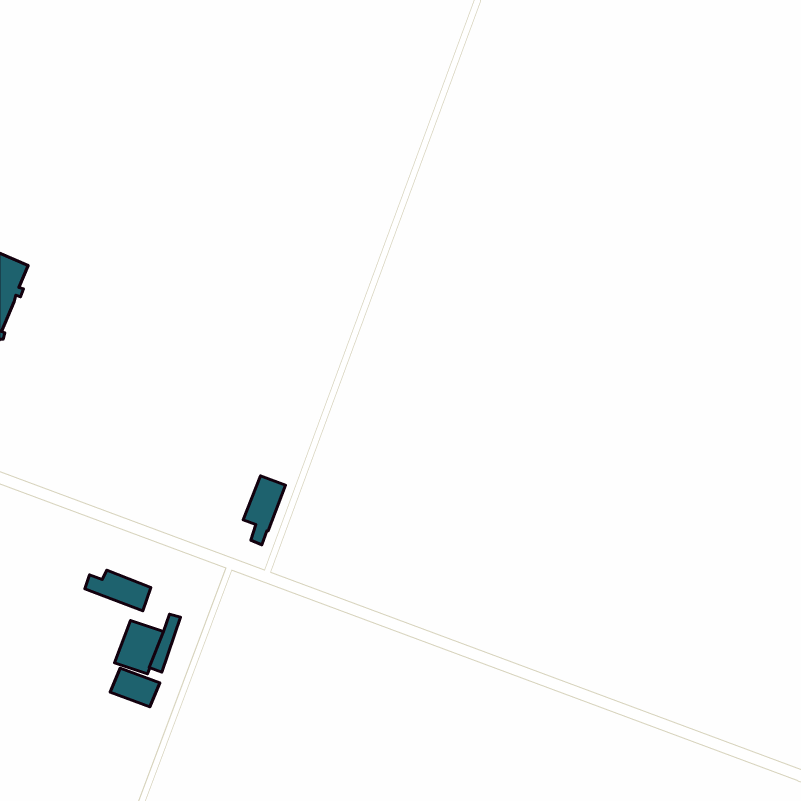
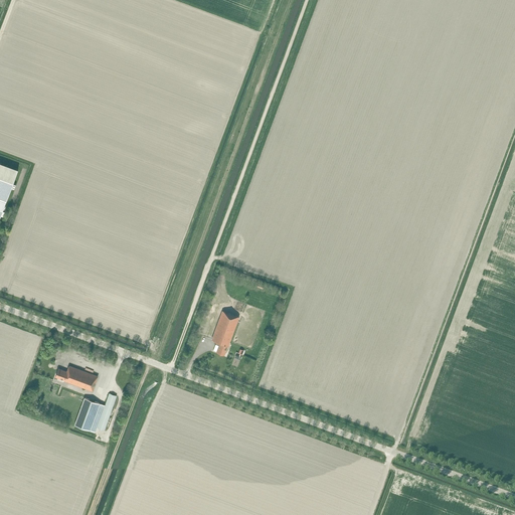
building: [243,476,286,545] -> [211,312,238,356]
building: [110,668,160,707] -> none

